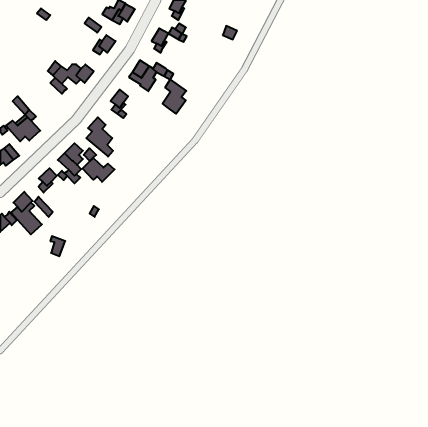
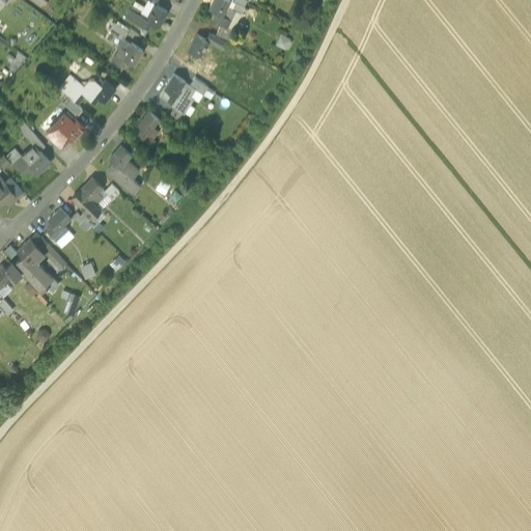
building: [163,80,186,114] -> none
building: none -> [46,114,84,146]
building: [82,158,115,182] -> none

